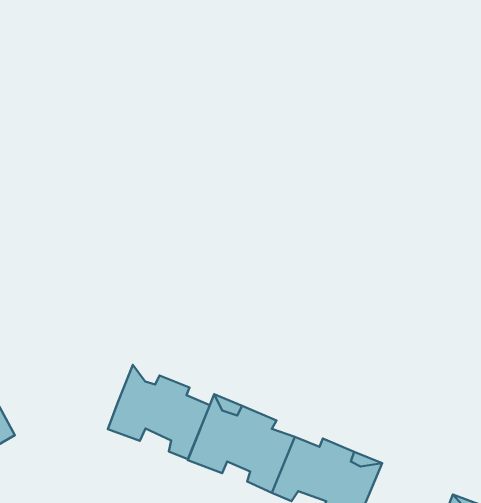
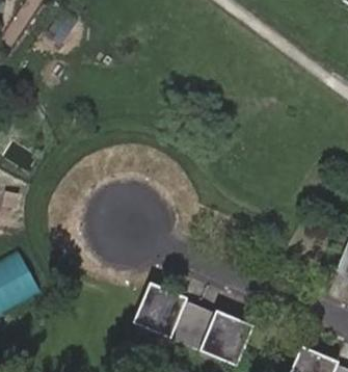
building: [108,365,210,459] -> none

